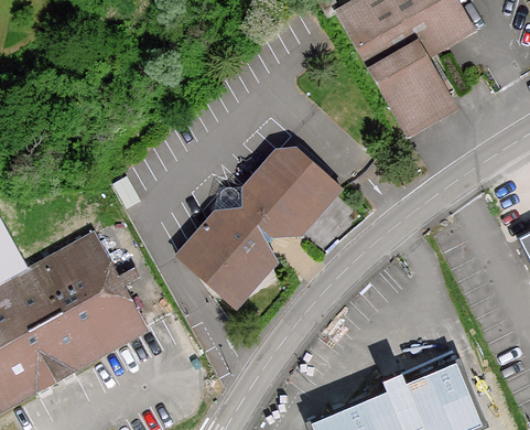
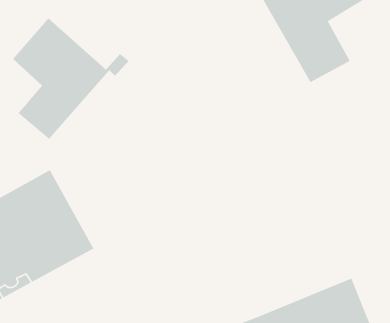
building: none -> [12,18,130,140]
building: [193,154,326,292] -> none

